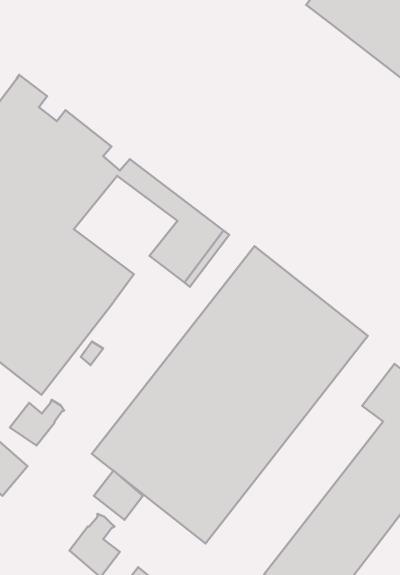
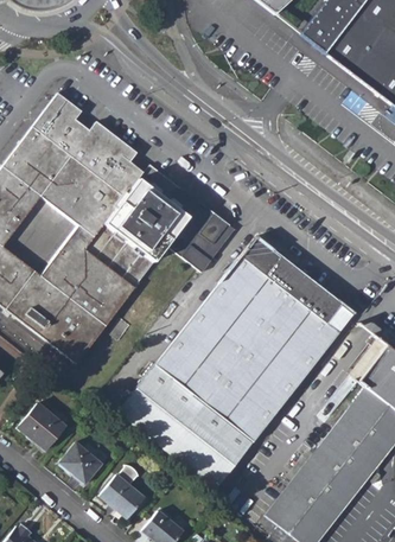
building: none -> [104,179,189,261]
building: [10,400,64,446] -> none
building: [94,471,143,520] -> [58,440,100,482]

